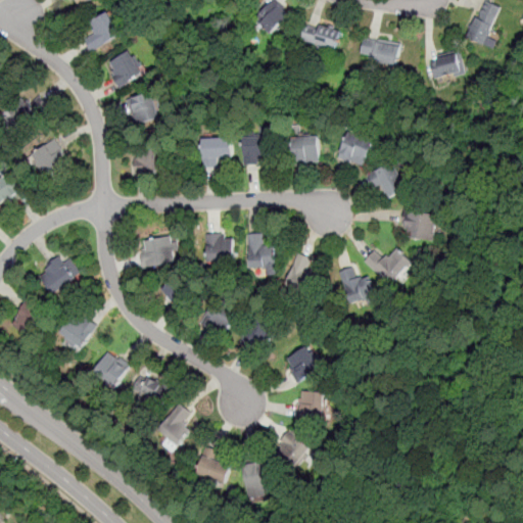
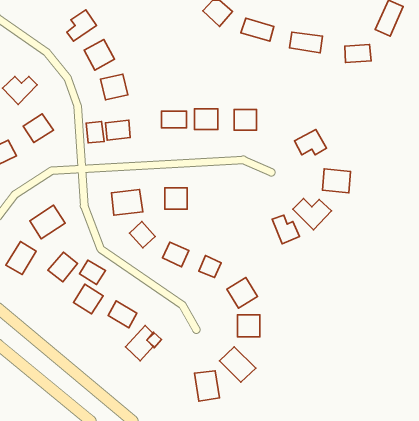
building: [335,131,372,167] -> none
building: none -> [86,122,104,143]
building: [246,233,274,271] -> none
building: [284,252,318,293] -> none
building: none -> [80,260,106,285]
building: [192,451,231,484] -> none

